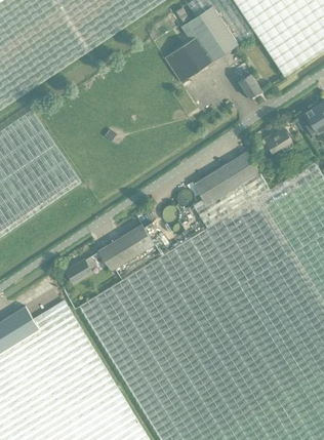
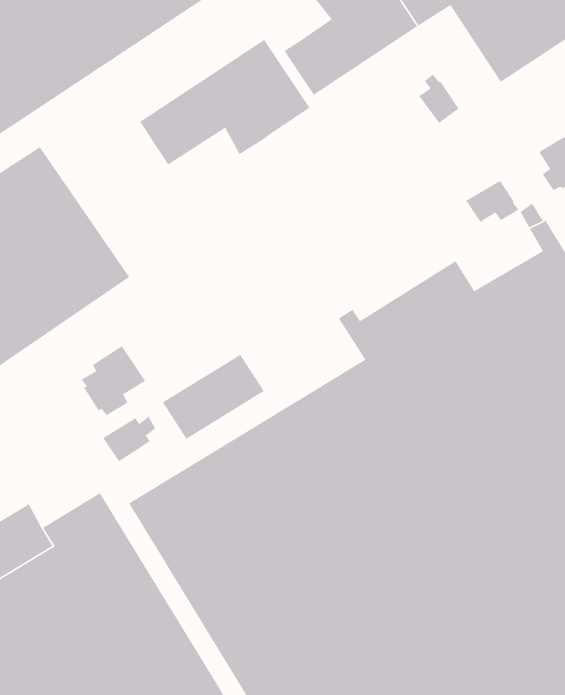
building: none -> [139,39,310,166]
building: [194,151,259,205] -> none
building: none -> [80,345,146,416]

